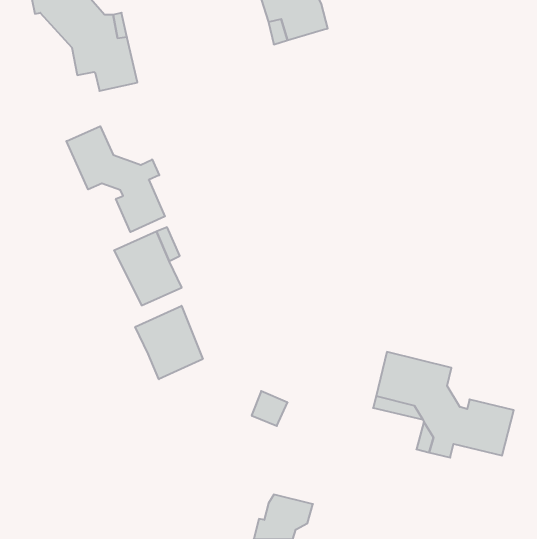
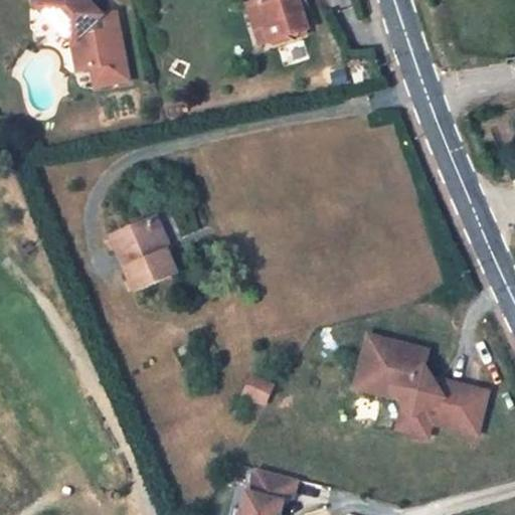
building: [66,126,165,232] -> none
building: [135,306,203,379] -> none

